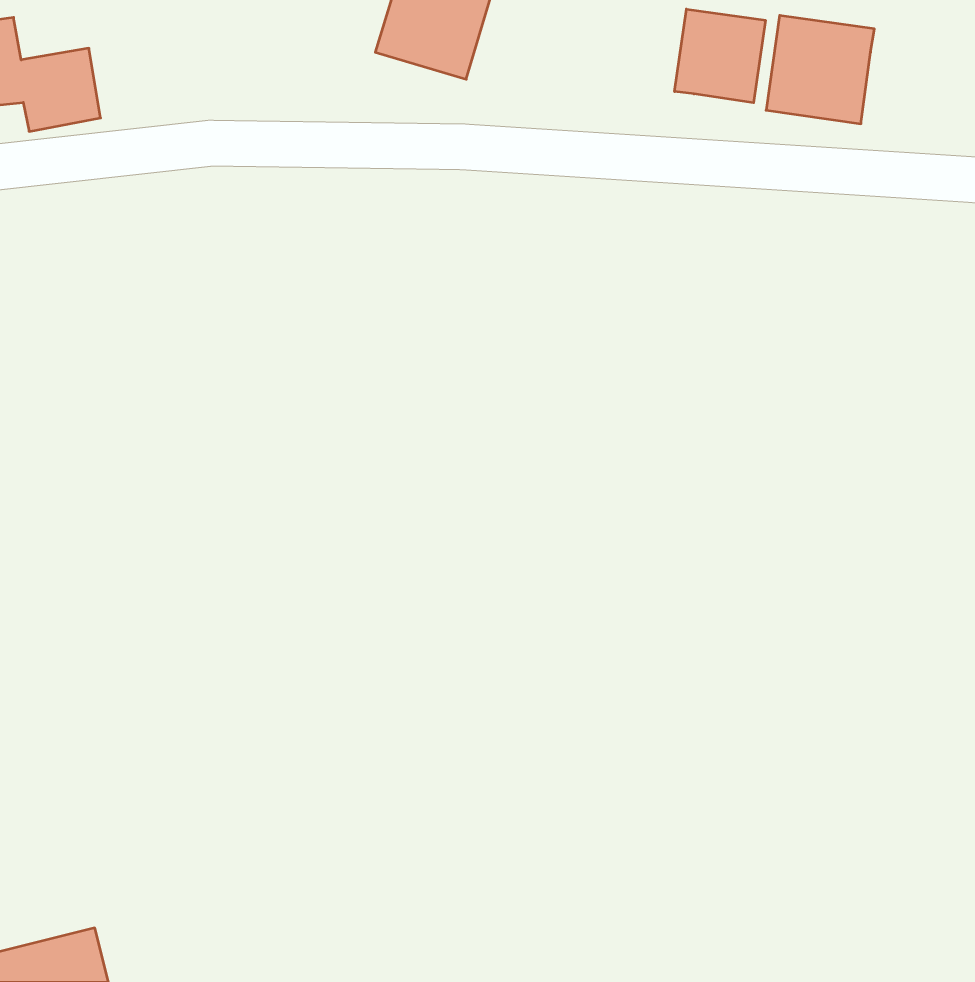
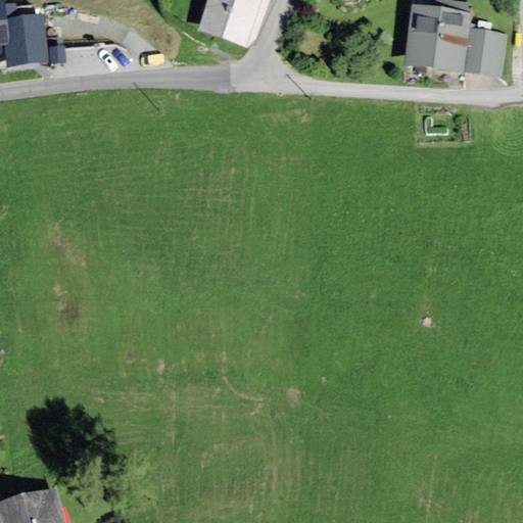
building: [675,9,765,103] -> none
building: none -> [455,28,496,70]

